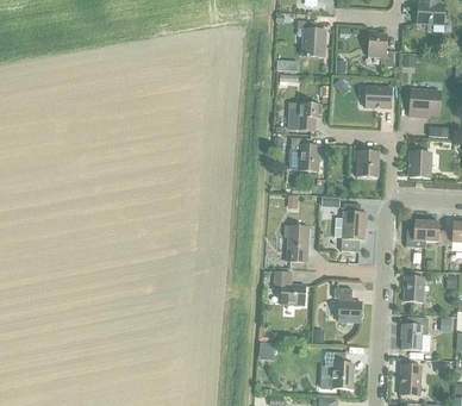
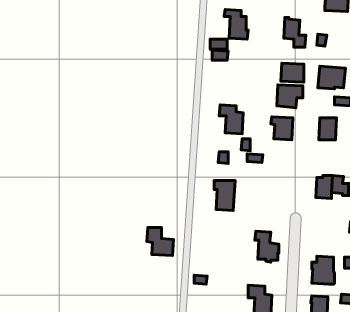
building: [288,102,319,130] -> [277,85,303,108]
building: [333,204,366,251] -> none
building: [273,271,305,305] -> [147,228,174,256]
building: [402,276,424,302] -> none

